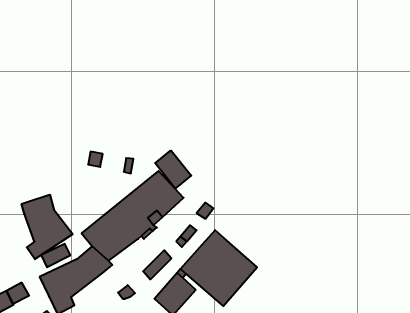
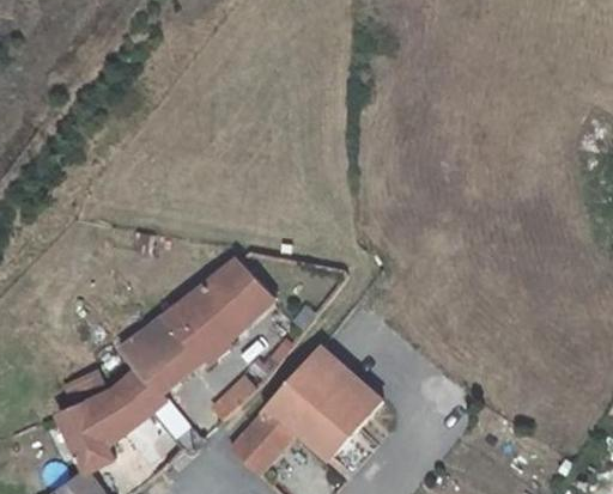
building: [155,151,191,189] -> none
building: [22,195,73,259] -> none

